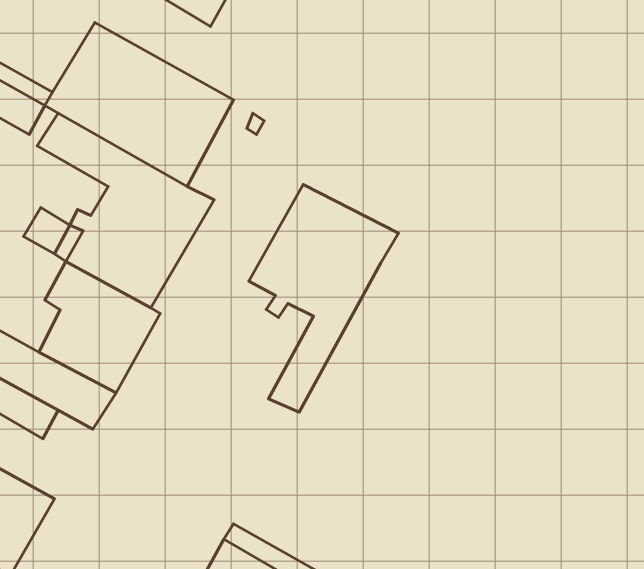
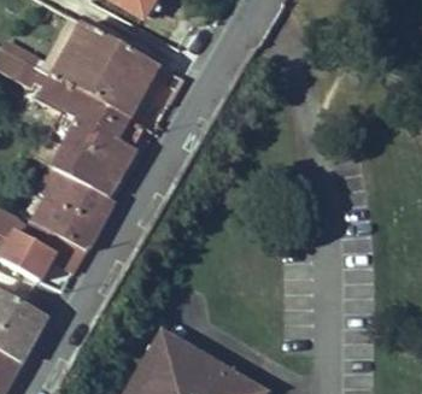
building: [249,185,398,412] -> none

